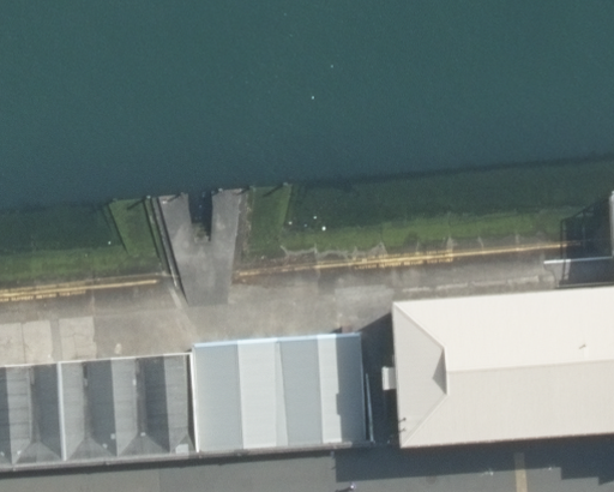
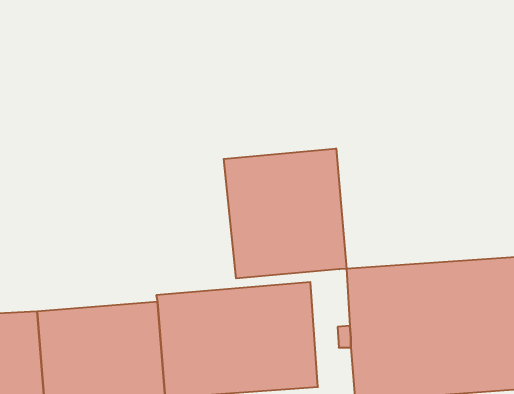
building: none -> [224,148,346,278]

